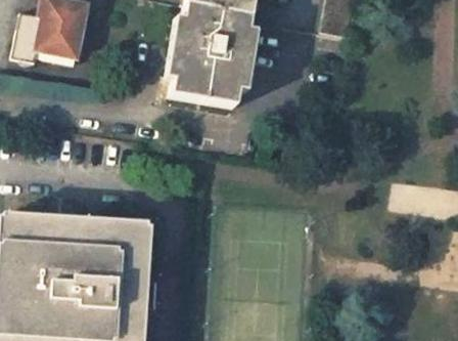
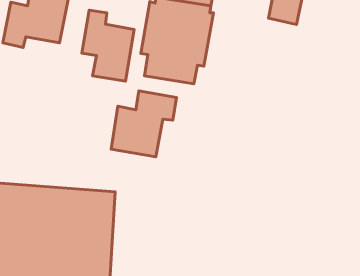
building: none -> [82,10,134,81]
building: none -> [111,91,176,157]

